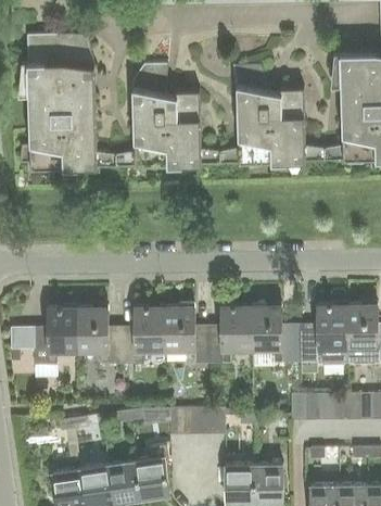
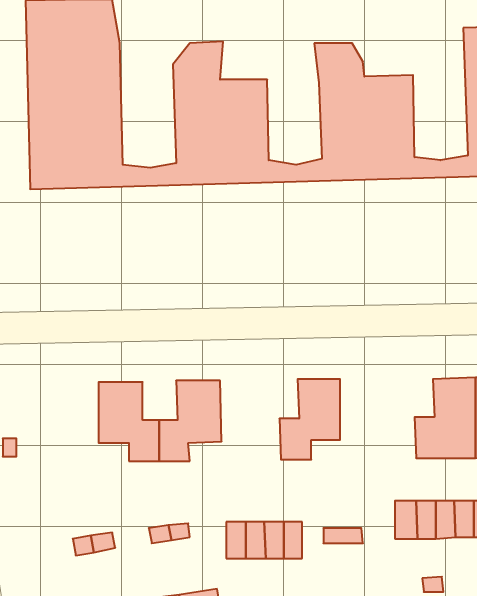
building: [251,305,295,362] -> none
building: [165,306,208,363] -> none
building: [35,307,78,365] -> none

